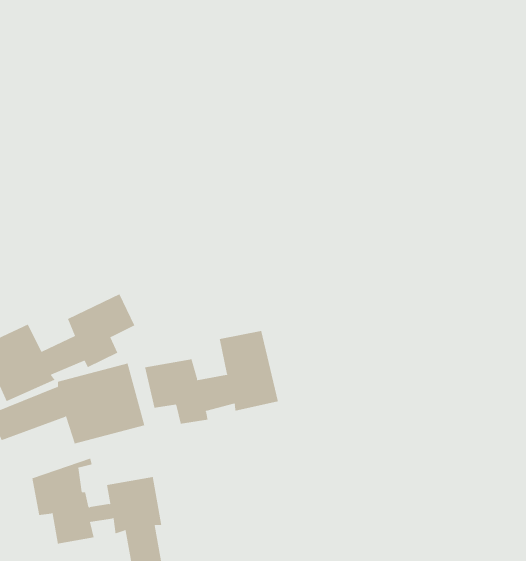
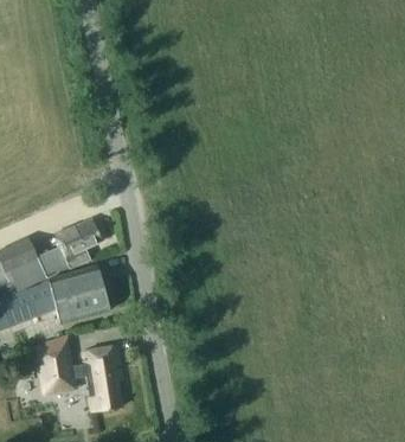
building: [145,330,279,425] -> none

